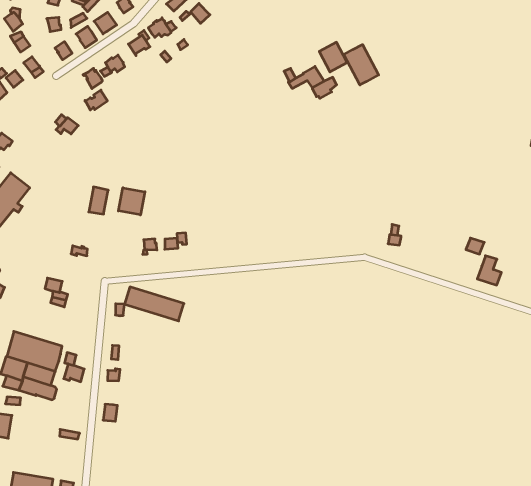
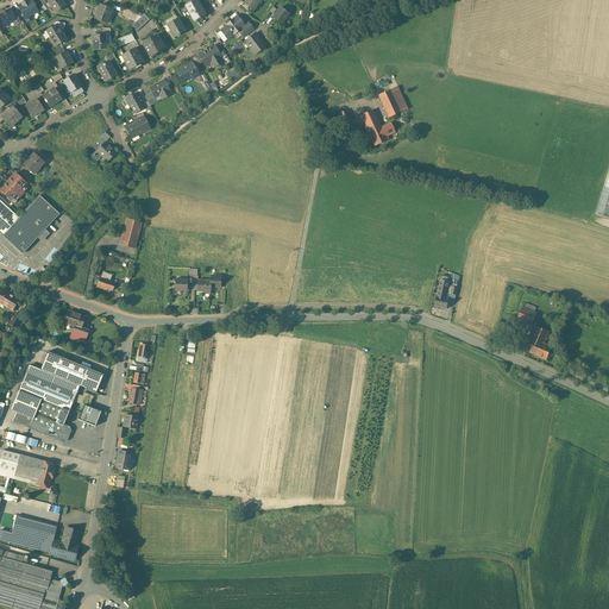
building: [344,45,379,85] -> none
building: [118,188,145,215] -> none
building: [125,287,184,321] -> [40,351,103,391]
building: none -> [13,453,55,486]

